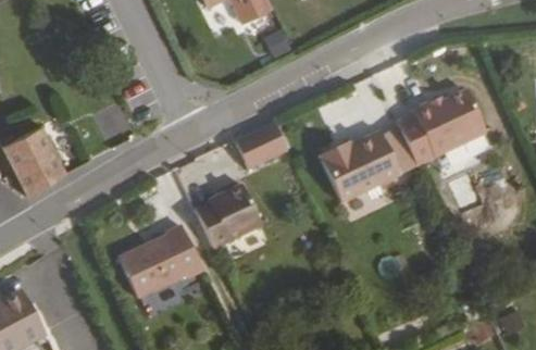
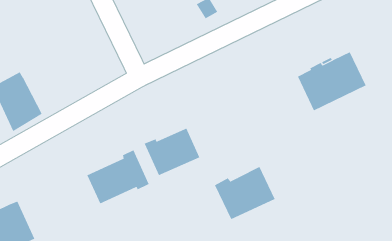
building: [234,115,290,166] -> none
building: [317,135,398,205] -> [214,166,275,220]

